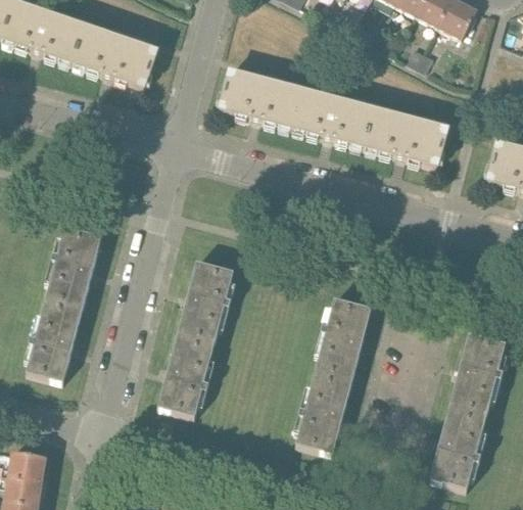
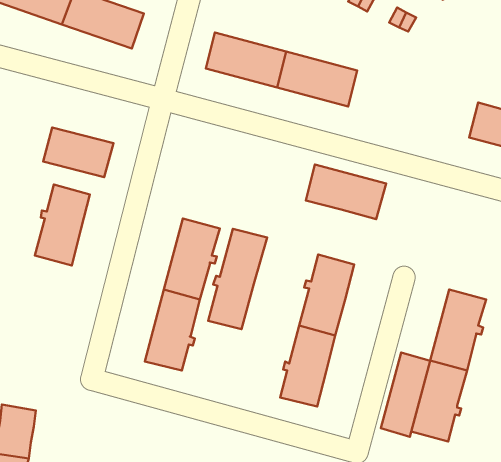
building: [366,108,447,165] -> [306,164,386,219]
building: none -> [43,128,113,177]
building: none -> [208,229,267,329]
building: [27,297,84,380] -> none
building: none -> [381,352,430,437]

